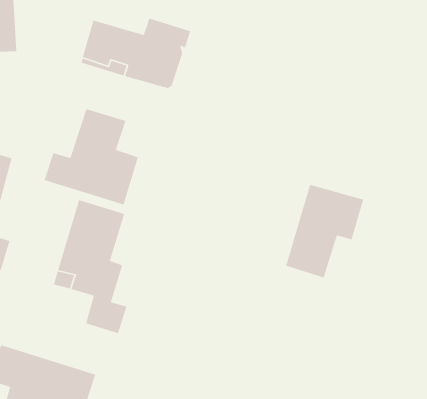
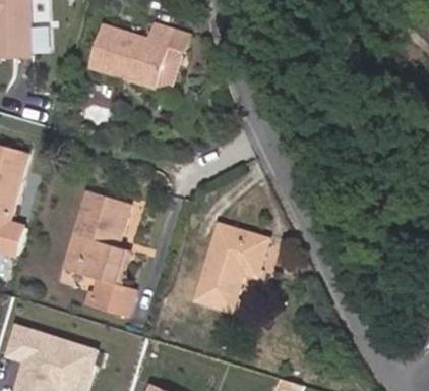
building: [43,108,139,206] -> none
building: [285,184,364,278] -> [195,225,267,312]

